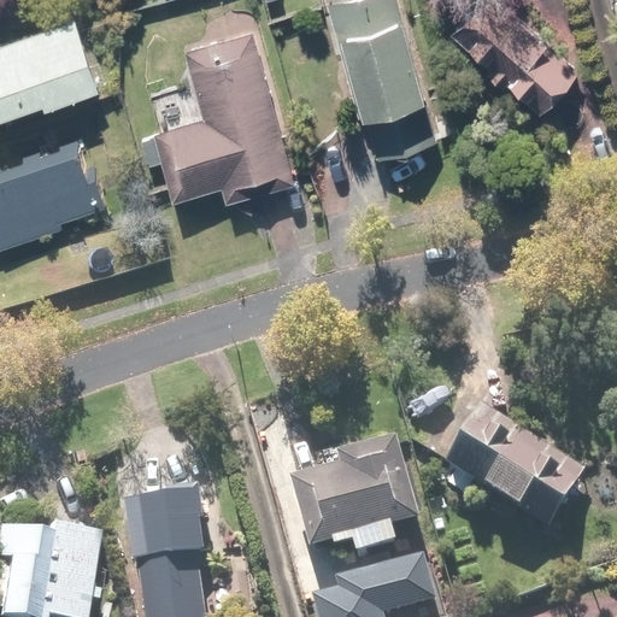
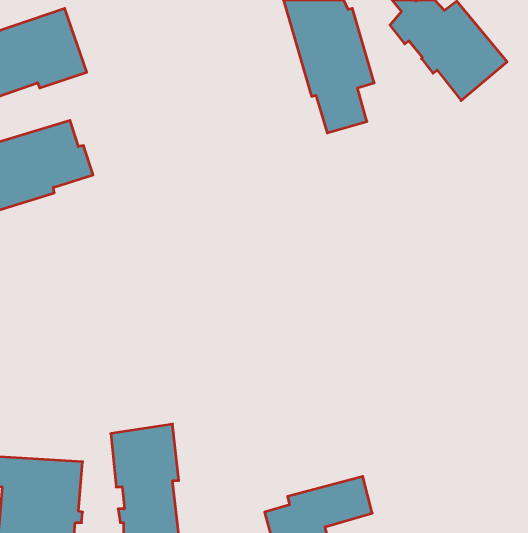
building: [157,30,293,199] -> none
building: [442,406,589,536] -> none
building: [284,439,423,558] -> none

